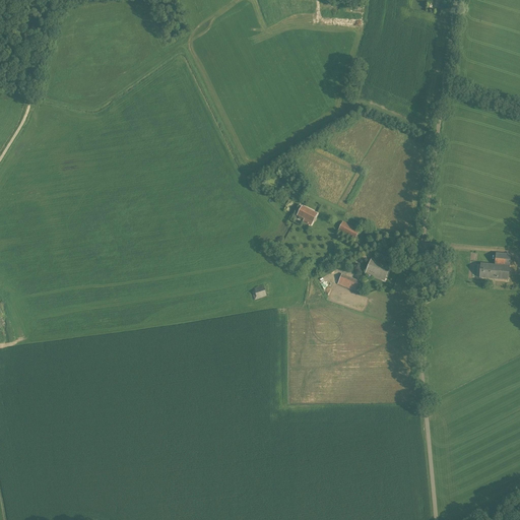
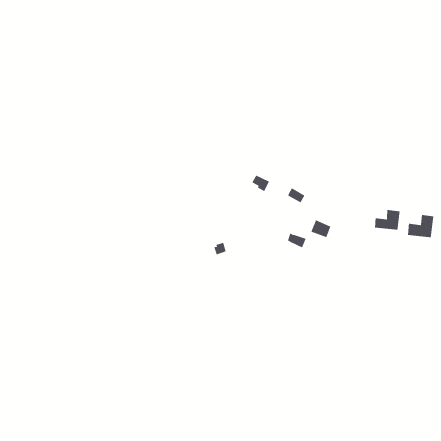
building: none -> [374,209,400,230]

